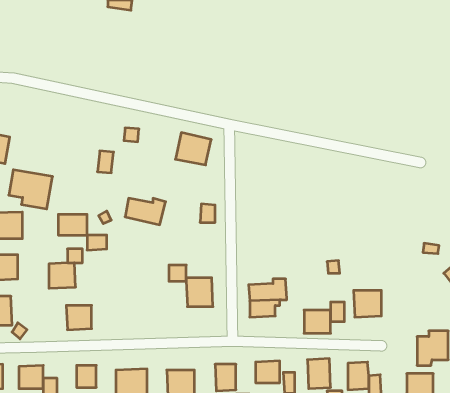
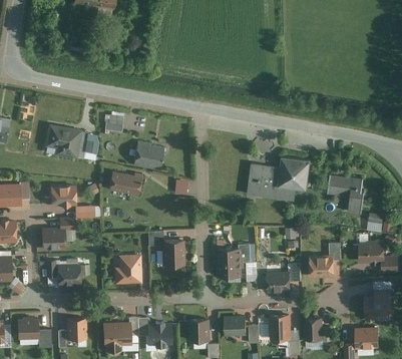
building: [175,133,211,165] -> [134,142,165,170]
building: [9,170,53,209] -> [45,125,83,159]
building: none -> [247,155,310,199]
building: none -> [327,172,363,212]
building: none -> [359,240,385,261]
building: none -> [116,257,141,285]

